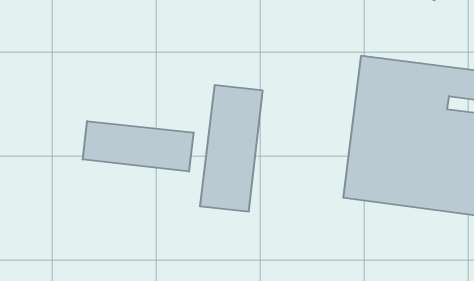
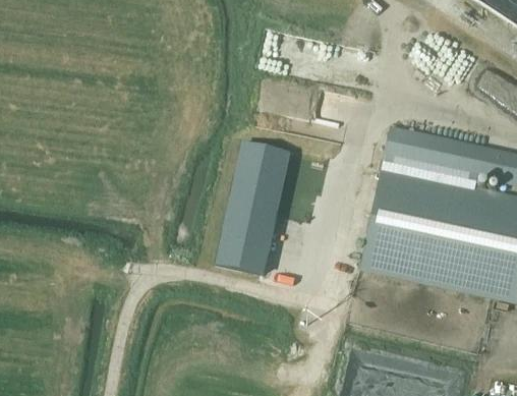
building: [83,121,194,172] -> none

